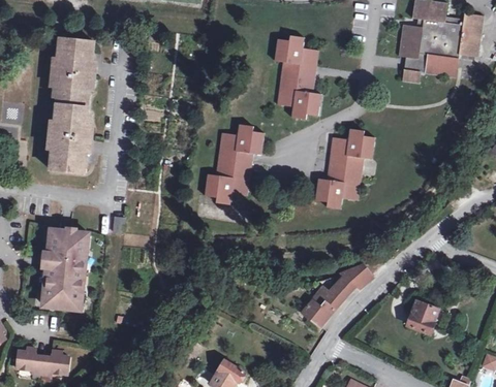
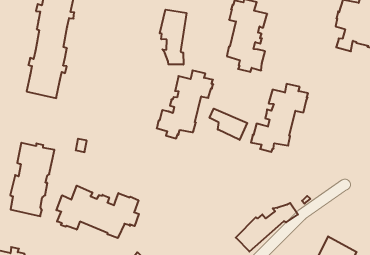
building: none -> [160,10,186,65]
building: none -> [210,109,247,140]
building: none -> [56,186,139,238]

